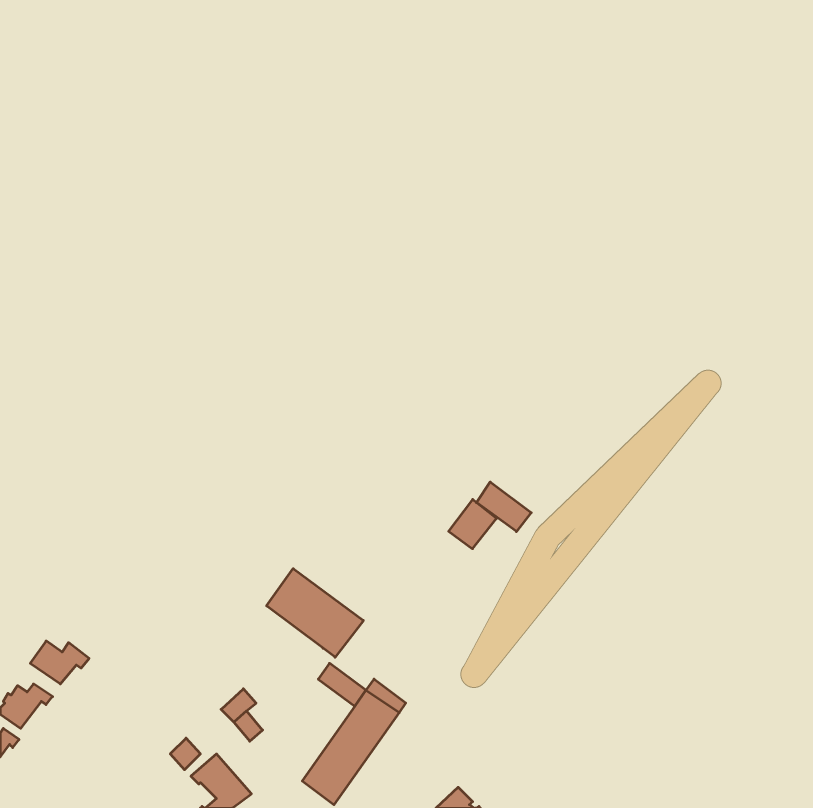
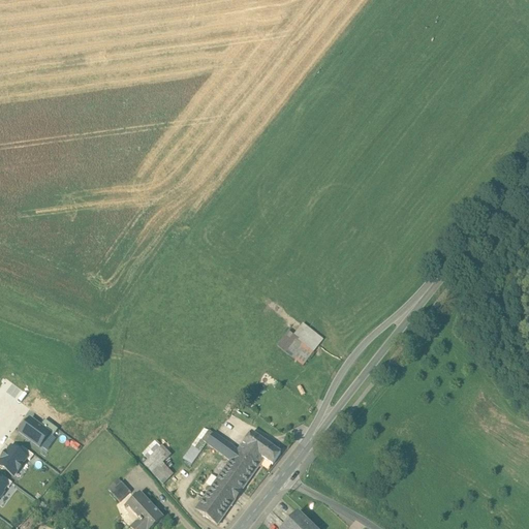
building: [476,482,531,532] -> none
building: [267,569,363,657] -> none
building: none -> [243,431,280,463]

